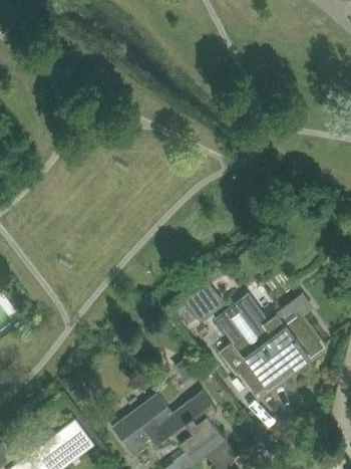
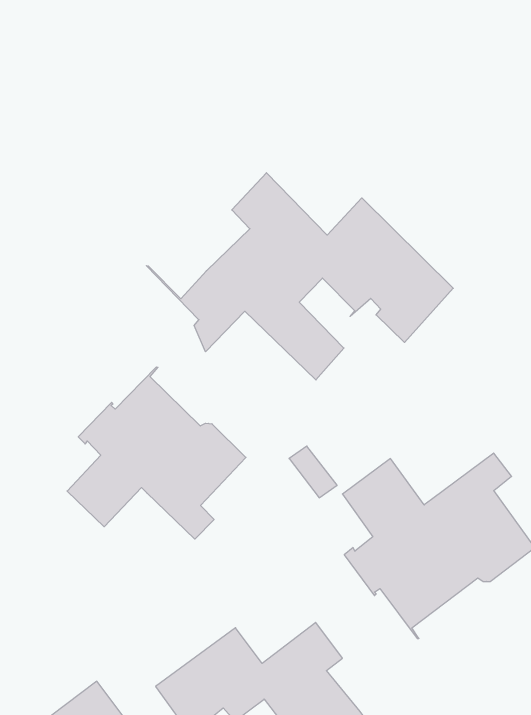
building: none -> [146,173,453,380]
building: none -> [67,367,246,539]

